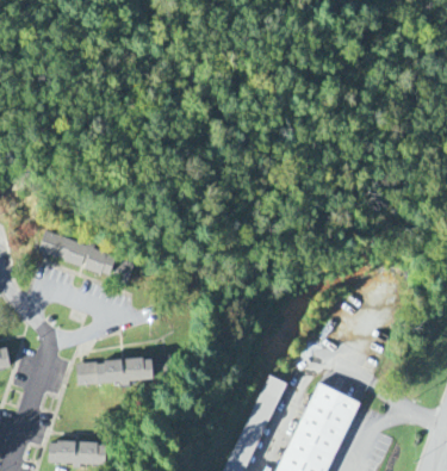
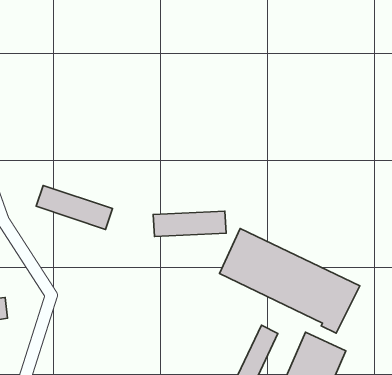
building: none -> [220,229,360,333]
building: [77,358,153,384] -> [153,211,226,237]

